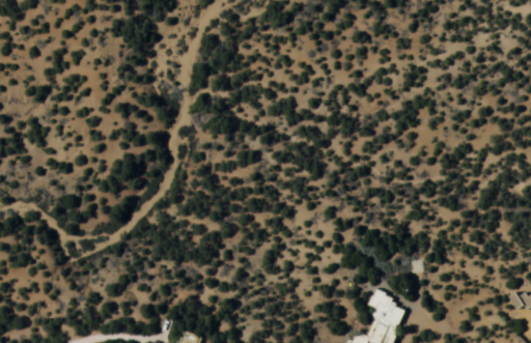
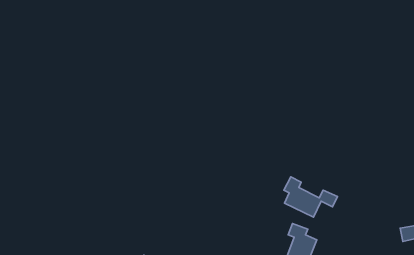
building: none -> [284,177,337,217]

